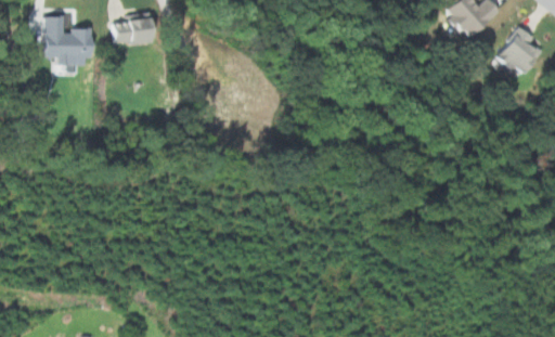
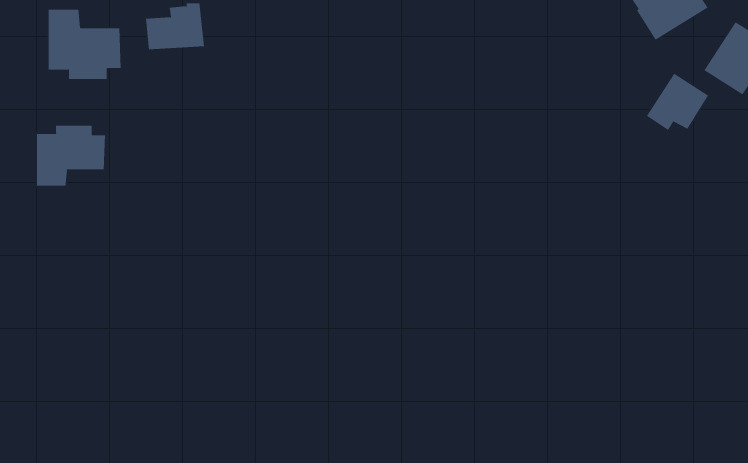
building: none -> [646,73,709,131]
building: none -> [37,125,106,187]

